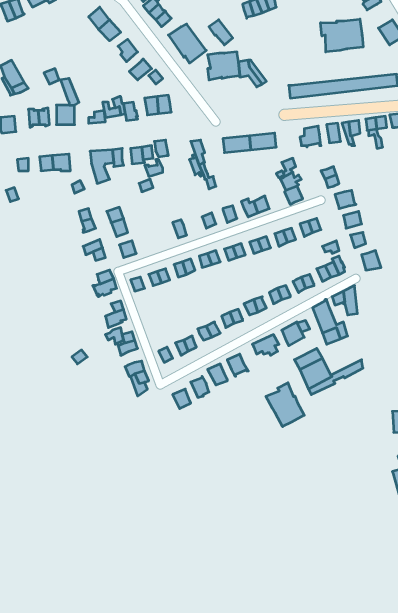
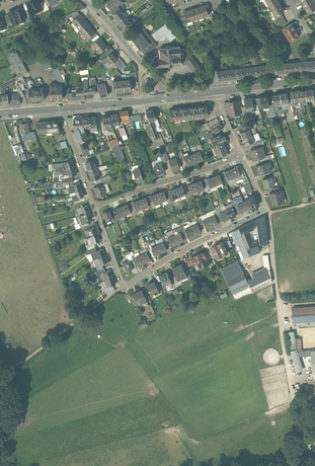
building: [321,19,363,52] -> none
building: [266,383,304,427] -> none

